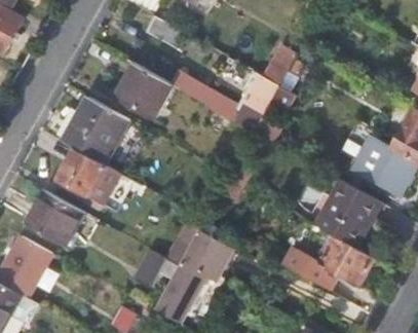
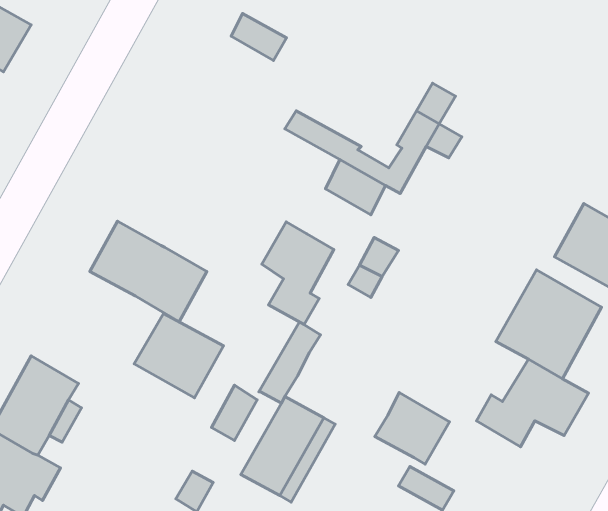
building: [115,64,169,117] -> none
building: [63,98,128,163] -> none
building: none -> [262,222,334,324]
building: [27,190,83,244] -> [134,313,224,398]
building: [181,231,228,276] -> [375,393,450,464]

